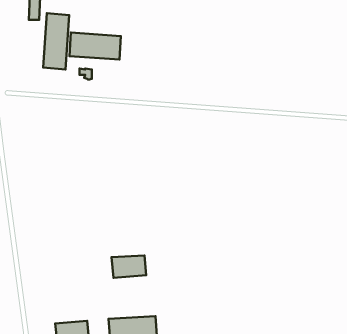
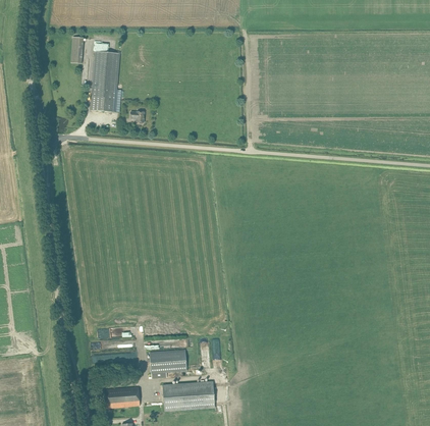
building: [70,33,121,60] -> none
building: [112,255,146,278] -> [149,349,186,373]

